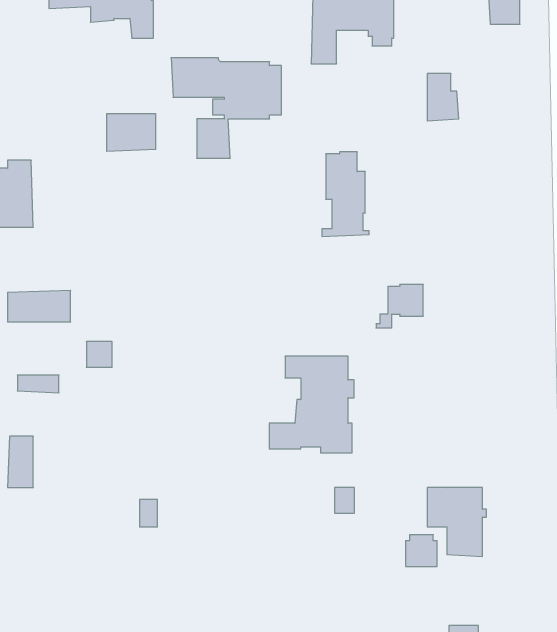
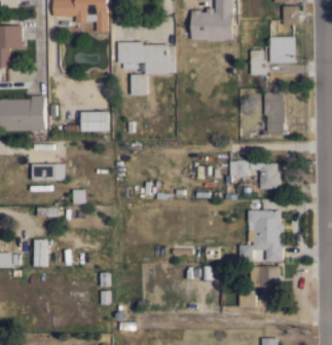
building: none -> [270,37,295,63]
building: [107,114,156,151] -> [81,112,107,131]
building: [322,152,369,237] -> [262,90,287,135]
building: none -> [251,160,281,189]
building: [269,356,354,453] -> [239,210,284,261]

